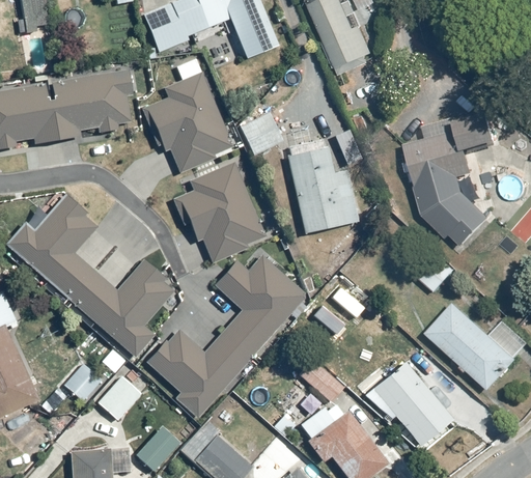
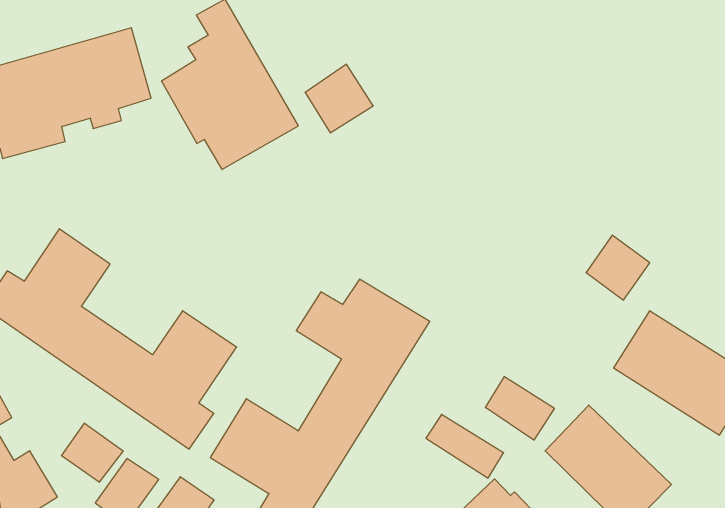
building: [407,113,492,250] -> none
building: [287,142,362,233] -> none
building: [181,162,259,259] -> none
building: none -> [62,423,123,482]
building: none -> [485,377,554,440]

